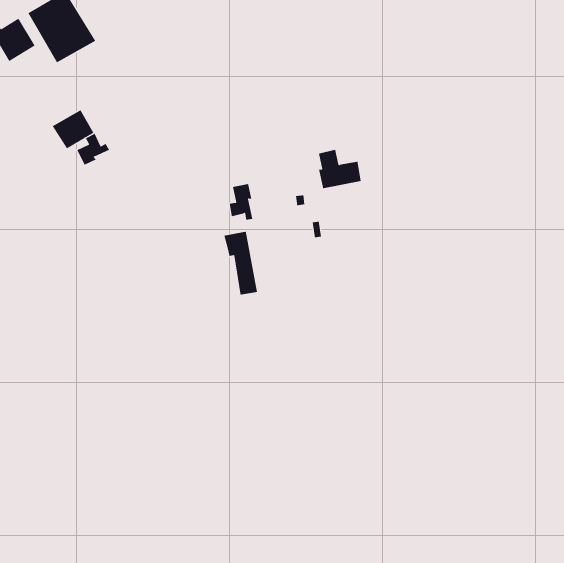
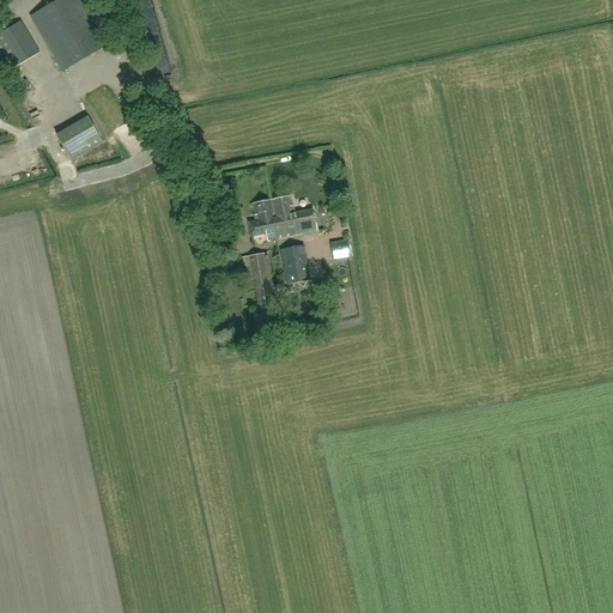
building: [77,133,110,165] -> none
building: [318,149,361,189] -> [269,194,316,237]
building: none -> [279,243,309,283]

